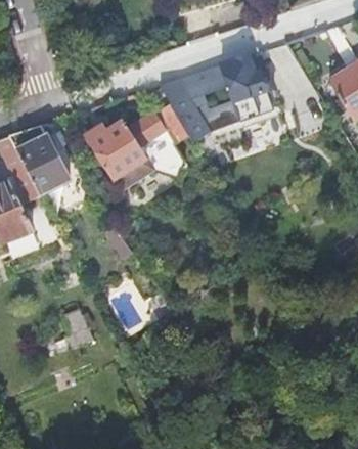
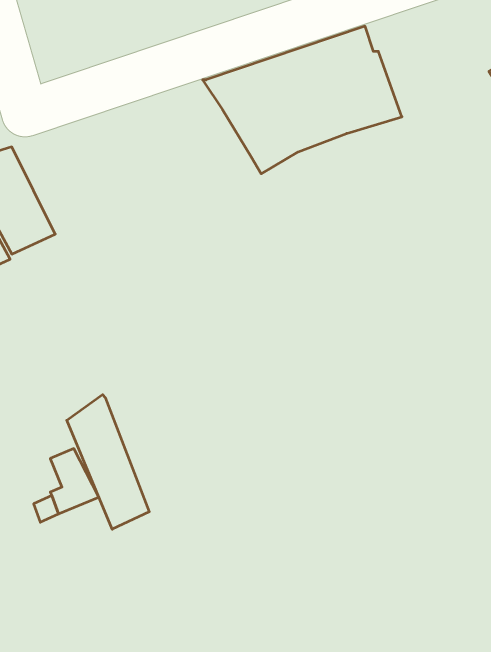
building: [85,103,186,188] -> none
building: none -> [67,395,149,529]

